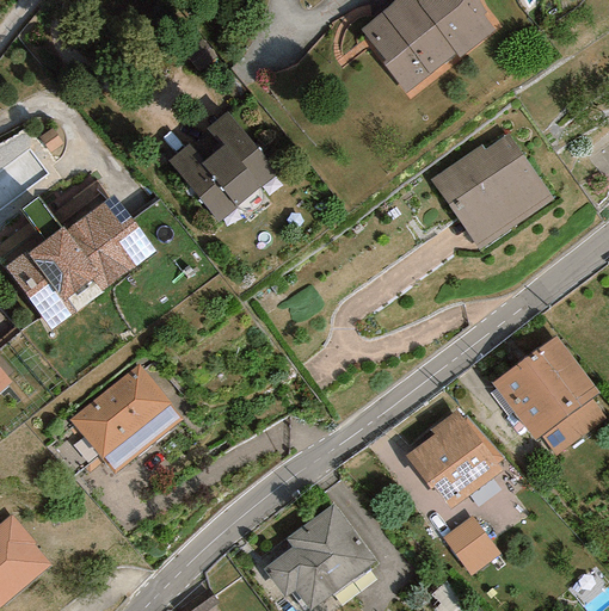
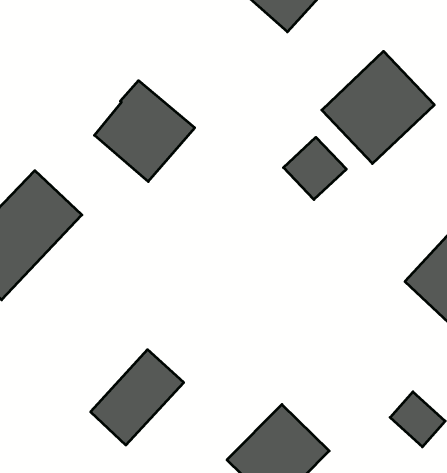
building: none -> [283,137,346,200]
building: [64,368,172,468] -> [91,350,184,445]
building: [405,413,503,511] -> none

